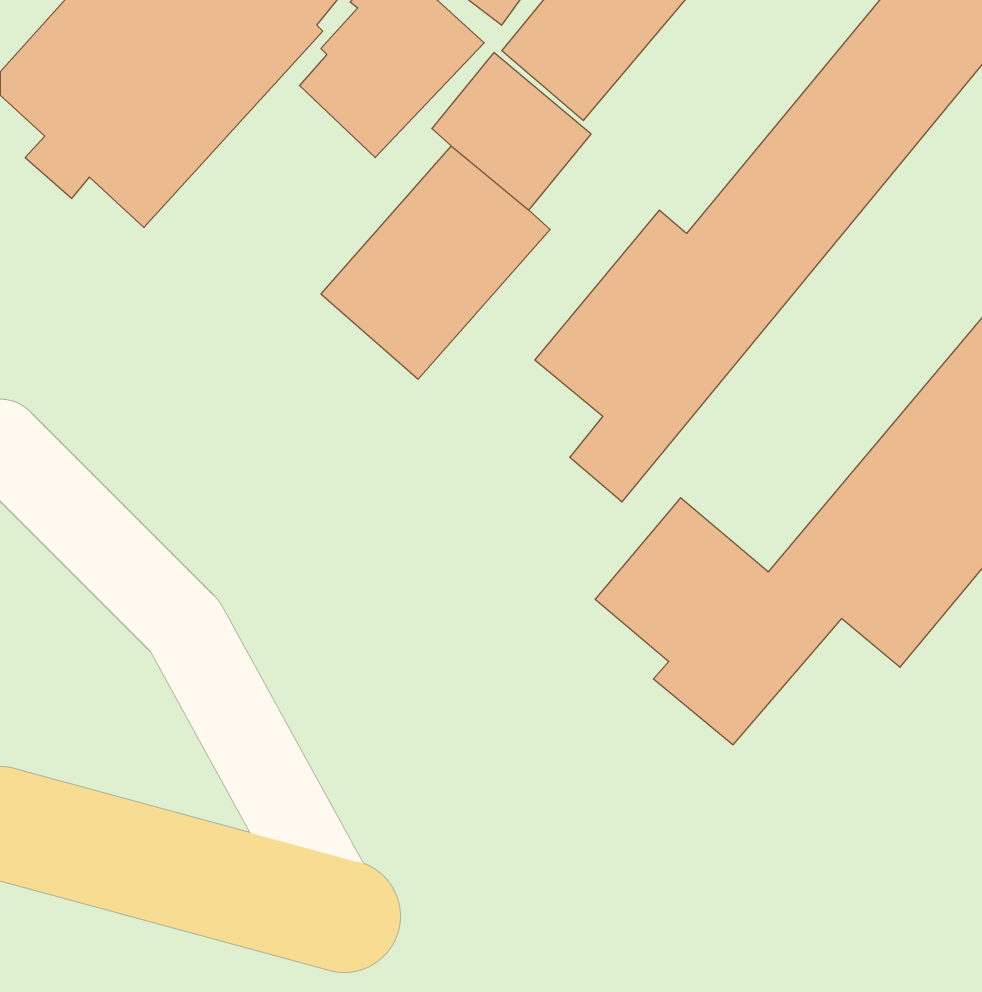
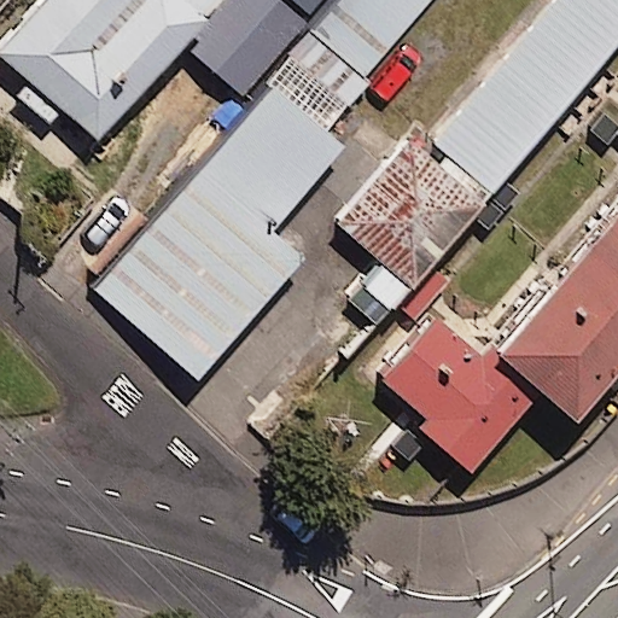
building: none -> [110,182,301,375]

